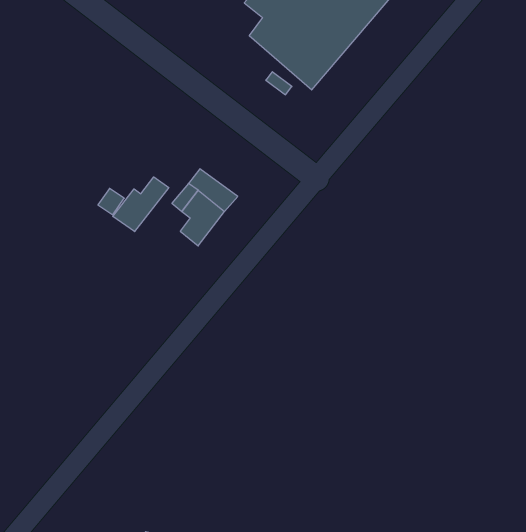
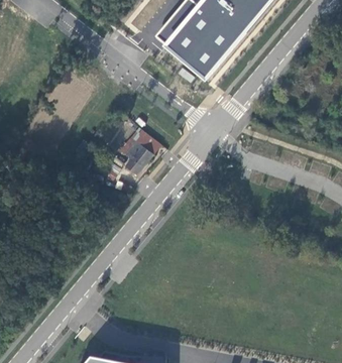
building: [113,177,169,232] -> none

